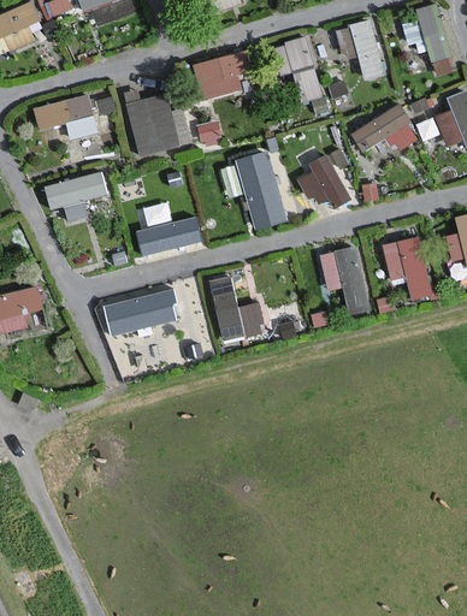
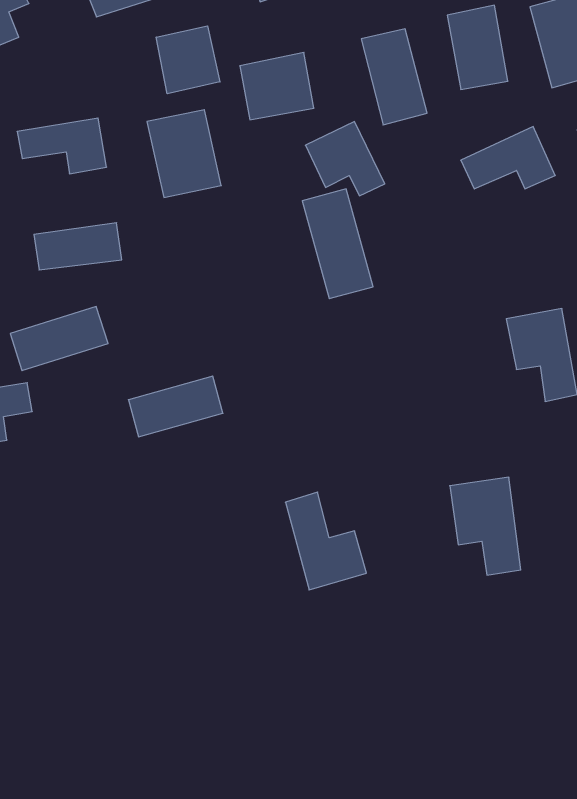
building: none -> [156,26,220,94]
building: [296,158,353,211] -> [305,122,385,196]
building: [135,213,205,259] -> [10,307,108,371]
building: [321,245,372,315] -> [450,477,521,575]
building: [208,274,266,344] -> [285,492,366,590]

